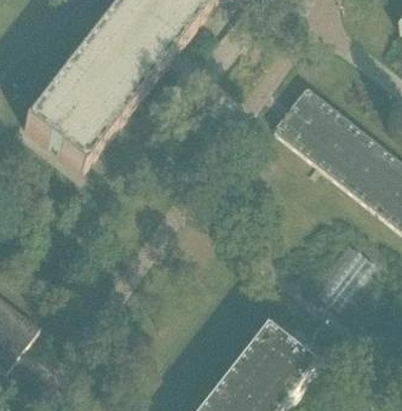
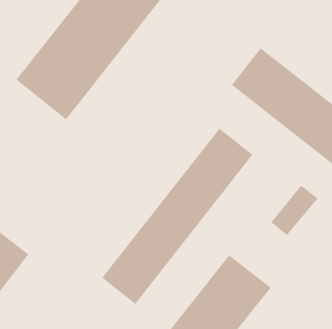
building: none -> [101,128,253,305]

